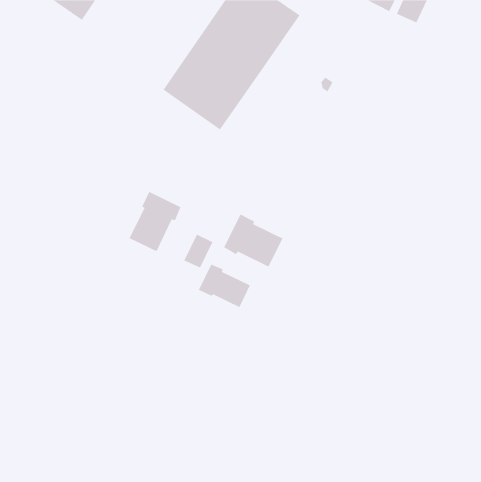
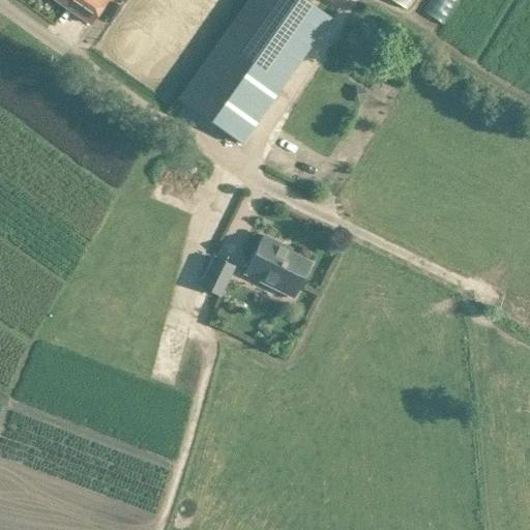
building: [128,191,182,253] -> none
building: [198,264,252,308] -> none

